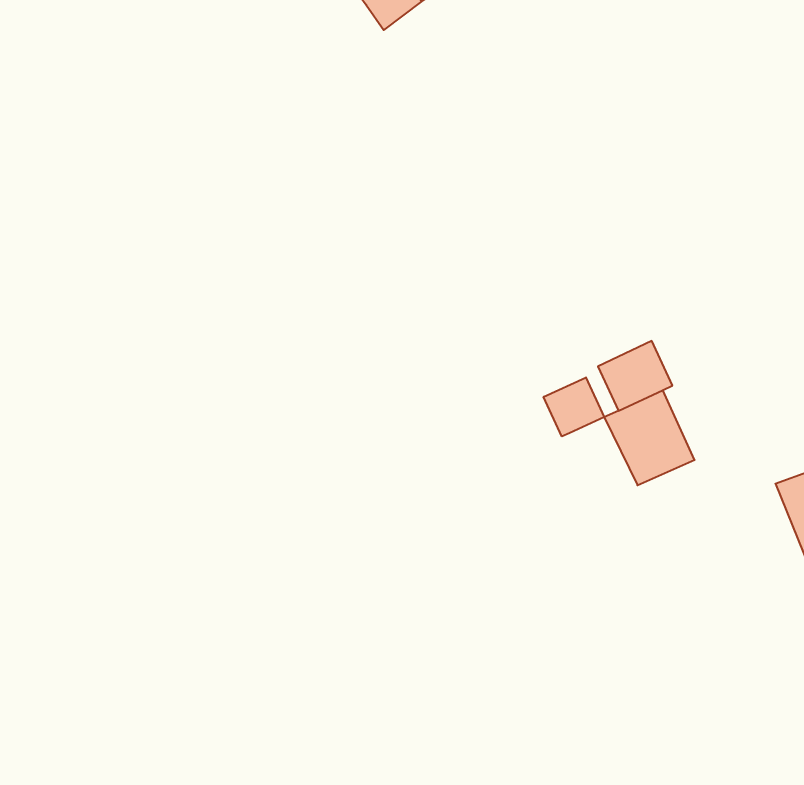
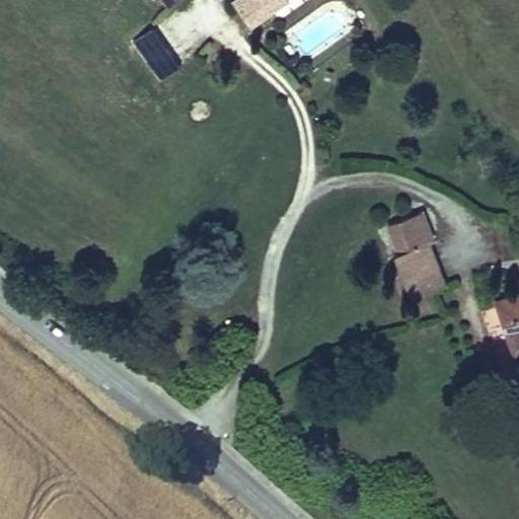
building: [544,377,604,436] -> none

